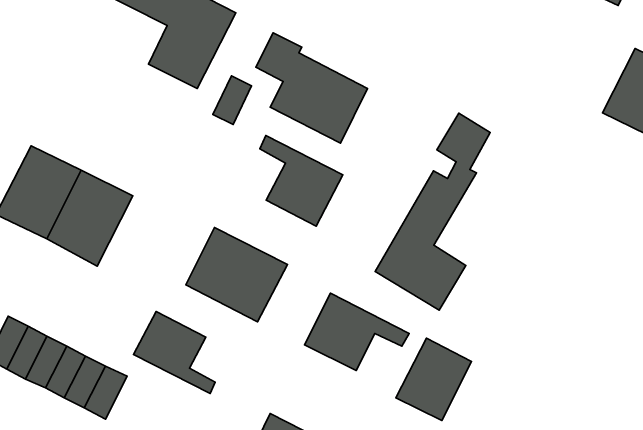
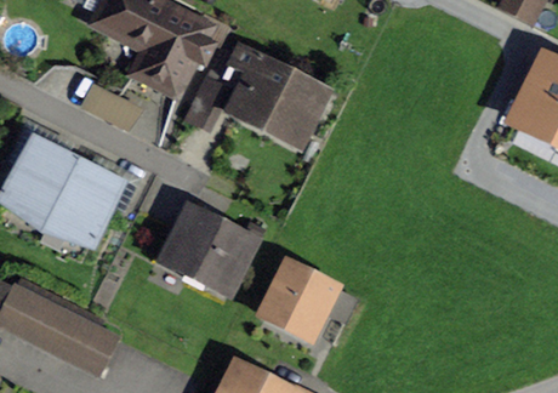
building: [375,113,490,310] -> none
building: [260,135,343,226] -> none
building: [134,311,215,393] -> none
building: [396,338,471,420] -> none

